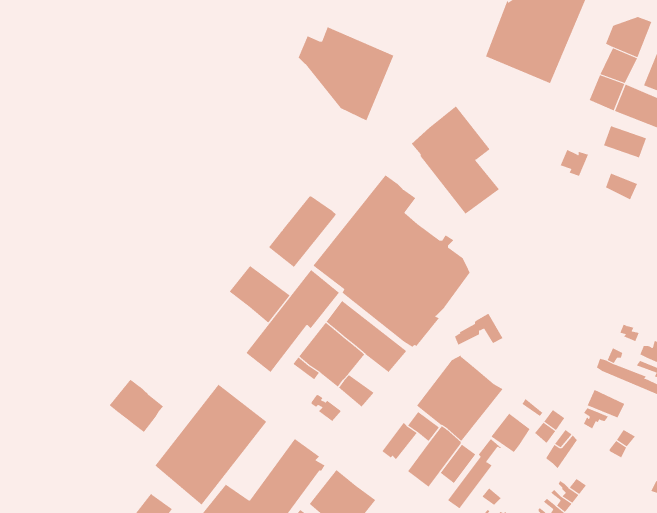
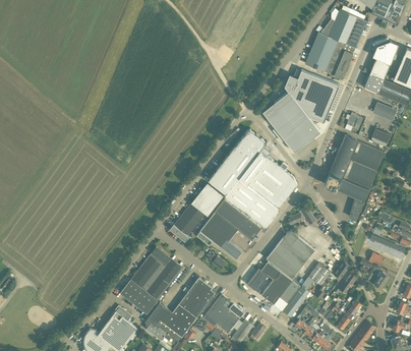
building: [298,26,394,121] -> [285,69,339,122]
building: none -> [325,134,385,220]
building: [268,196,336,268] -> none
building: [229,265,290,324] -> none
building: [109,379,164,433] -> none

